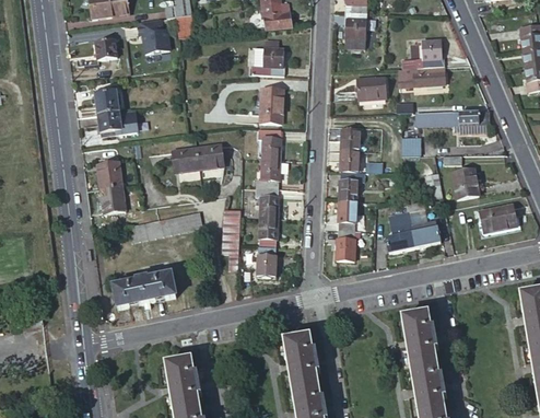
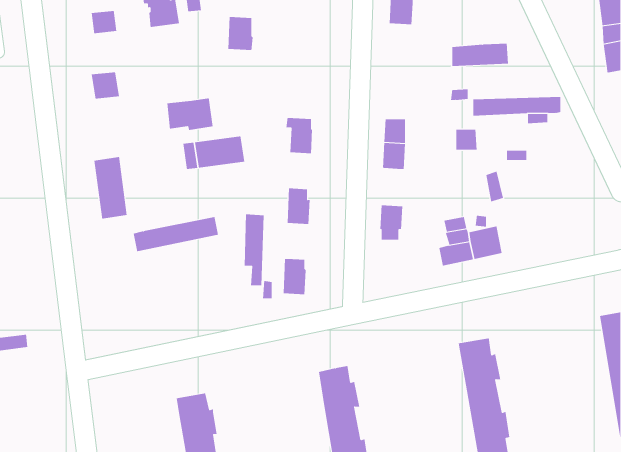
building: [421,39,444,67] -> none
building: [262,47,284,76] -> [227,17,253,51]
building: [362,79,390,101] -> none
building: [259,88,283,124] -> none
building: [98,108,138,136] -> [166,98,213,130]
building: [256,158,280,188] -> none
building: [449,167,477,198] -> none
building: [338,171,356,202] -> none
building: [477,197,515,229] -> none
building: [258,217,278,247] -> none
building: [334,231,354,260] -> none
building: [113,269,175,309] -> none

